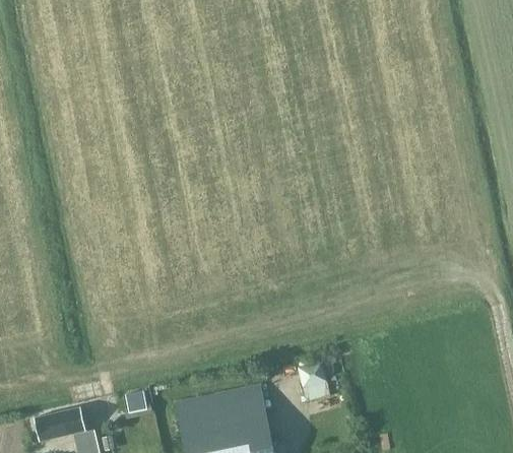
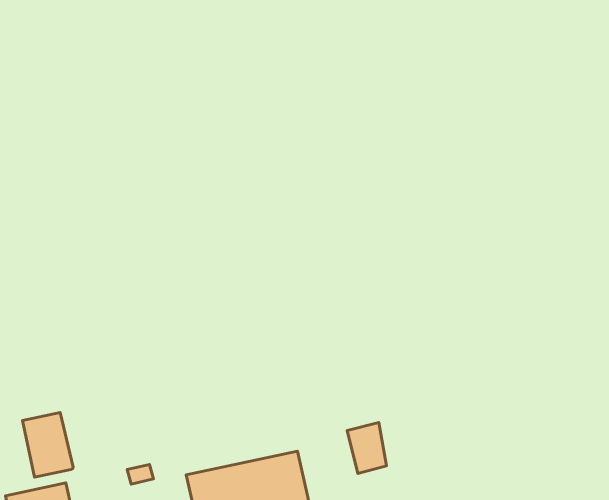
building: none -> [22,412,73,477]

